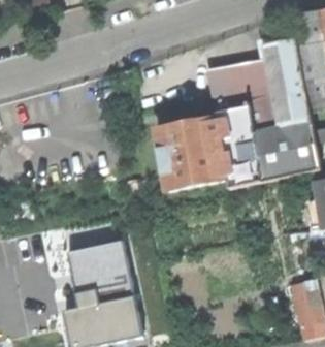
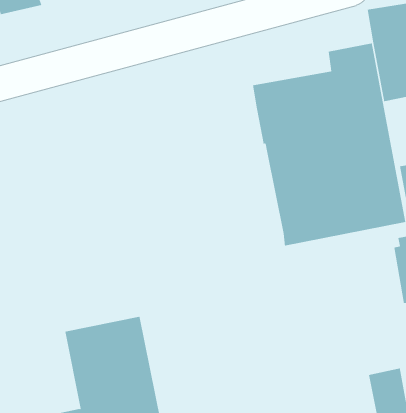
building: [156,119,229,192] -> none

